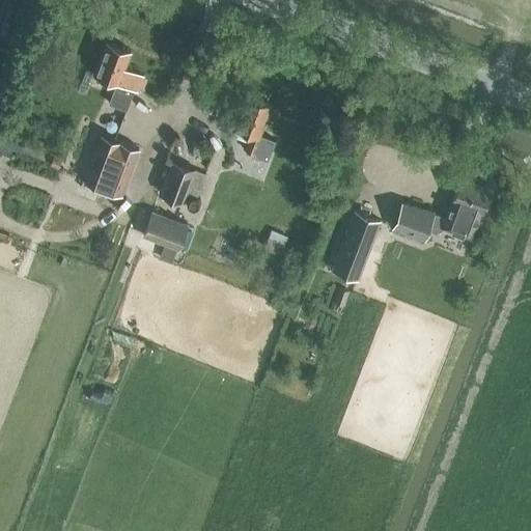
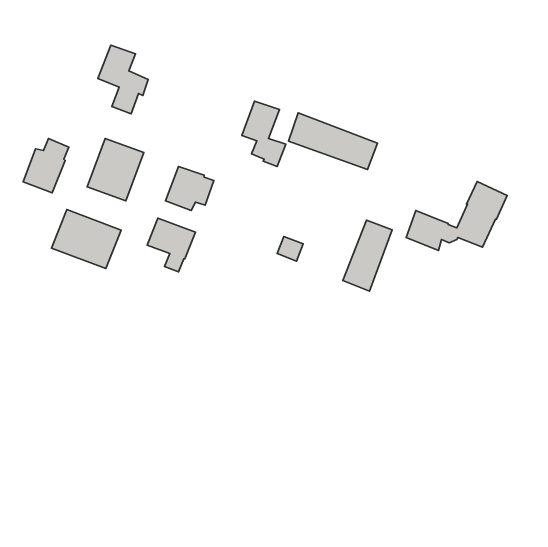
building: none -> [289,113,377,170]
building: none -> [23,138,69,193]
building: none -> [51,209,121,269]

